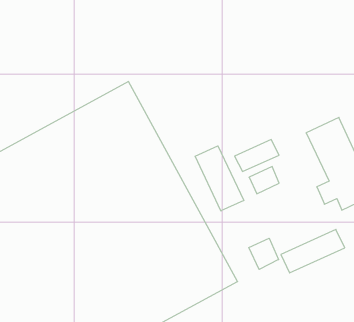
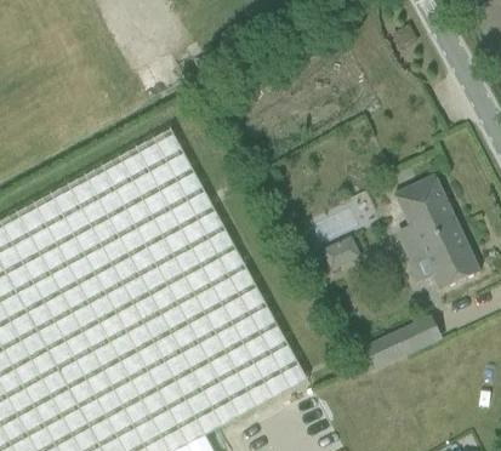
building: [195,146,244,211] -> none
building: [249,238,279,269] -> none

